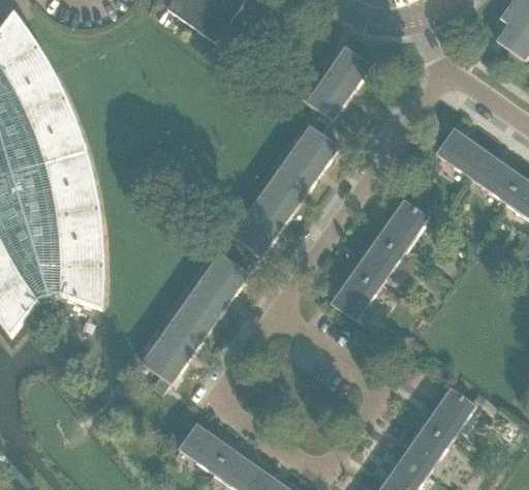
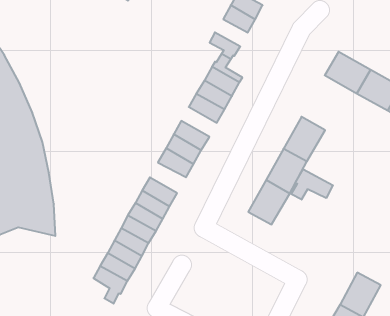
building: [312,75,350,110] -> none
building: [262,174,304,211] -> none
building: none -> [291,169,333,200]

